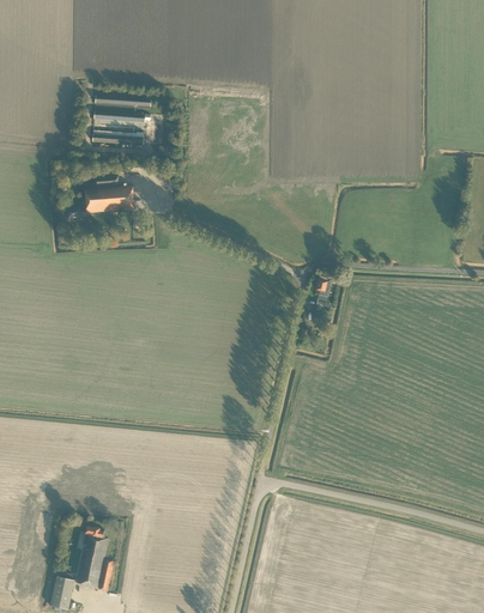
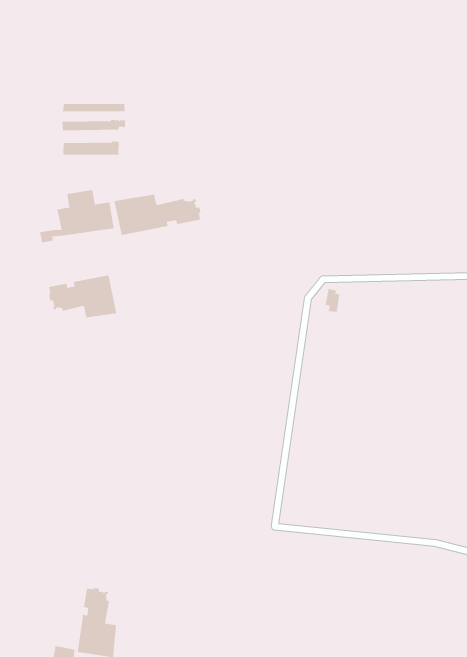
building: none -> [114,194,201,236]
building: none -> [48,274,117,318]

